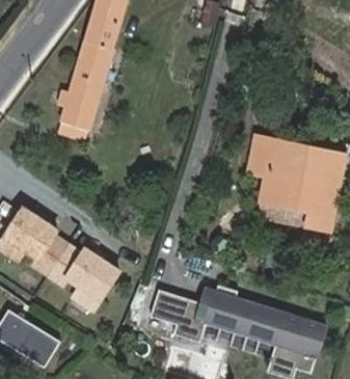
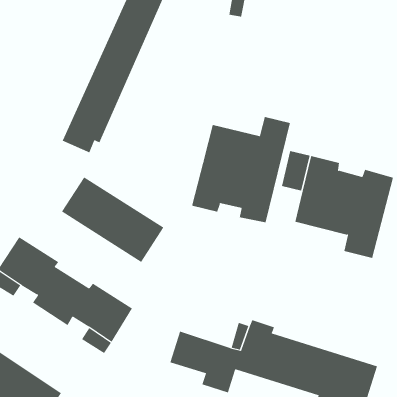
building: none -> [192,116,291,223]
building: none -> [61,176,164,263]

